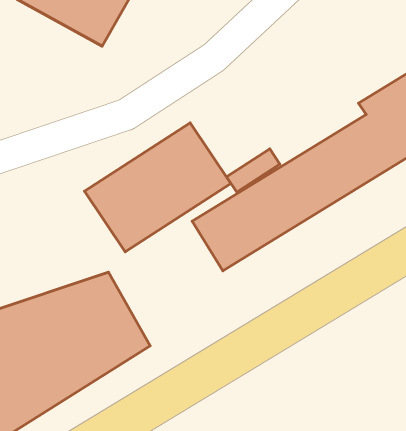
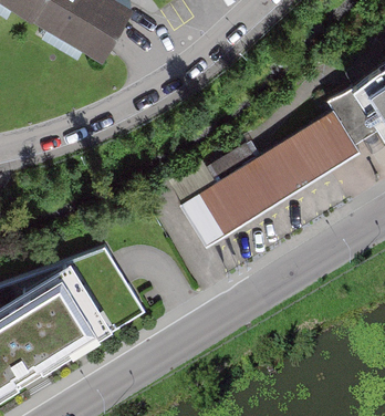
building: [84,123,231,252] -> none

